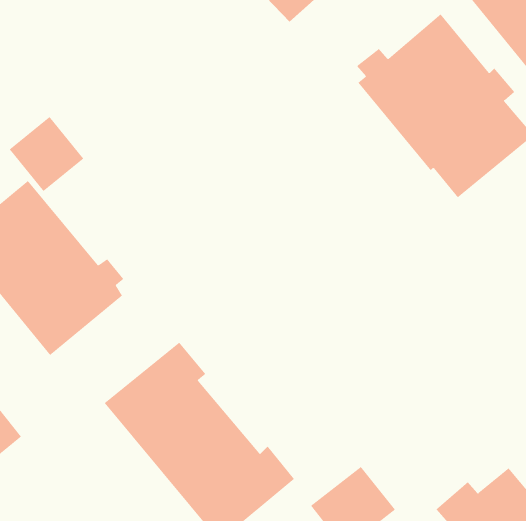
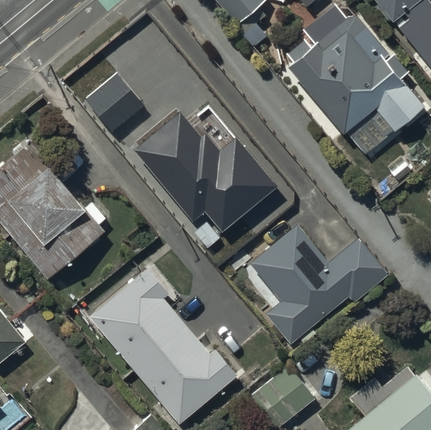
building: [9,116,84,192] -> [85,74,144,133]
building: none -> [133,110,281,249]
building: none -> [249,224,388,346]

